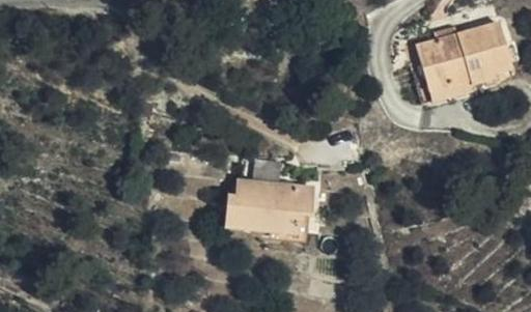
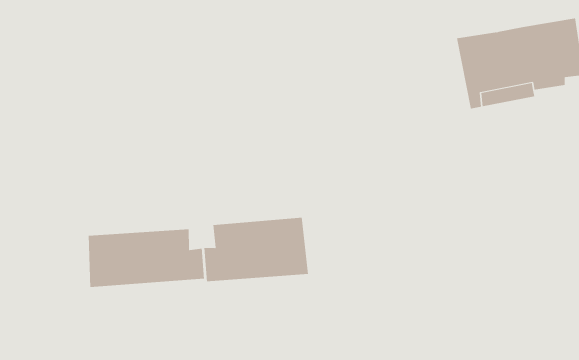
building: none -> [88,228,205,288]

